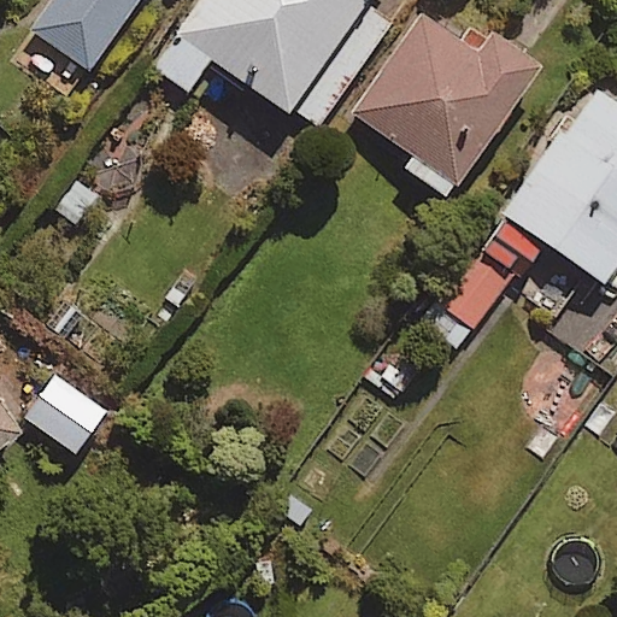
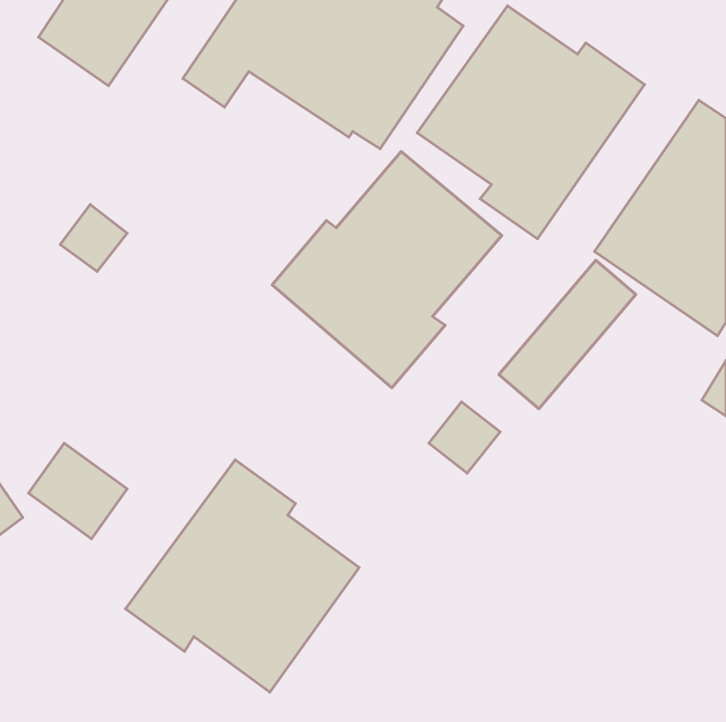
building: none -> [272,151,502,388]
building: none -> [126,460,359,692]

